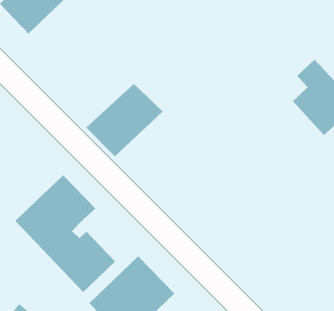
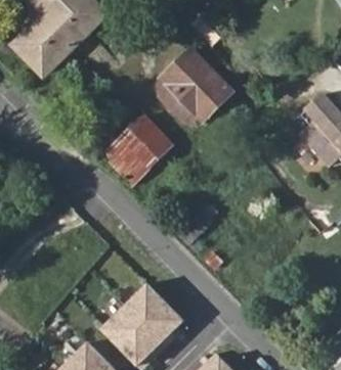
building: none -> [157,48,232,125]
building: [14,174,116,293] -> none

